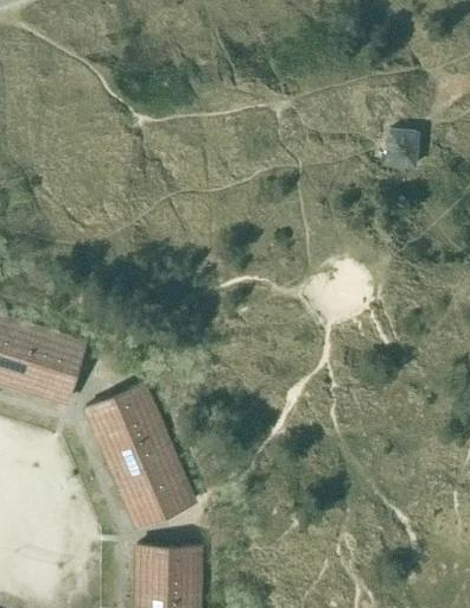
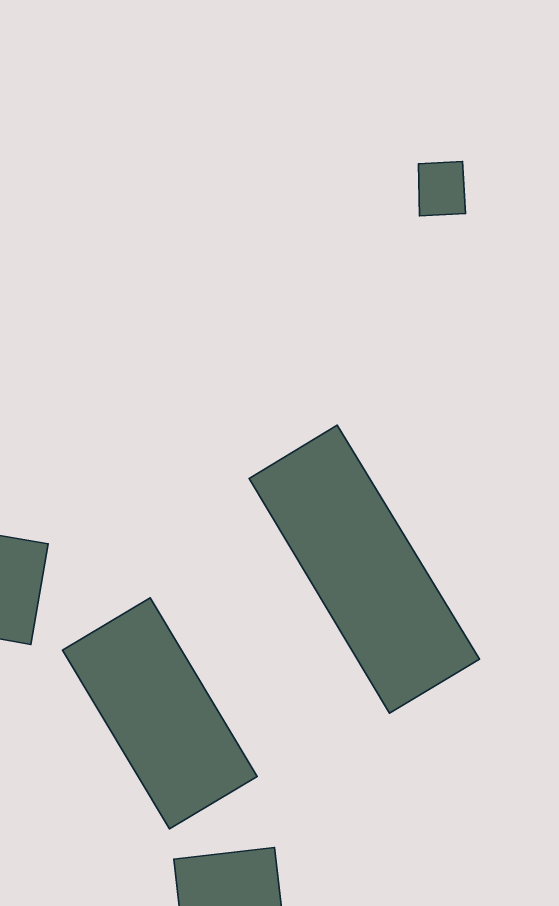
building: [387,133,418,167] -> [418,162,466,216]
building: none -> [249,425,479,713]

